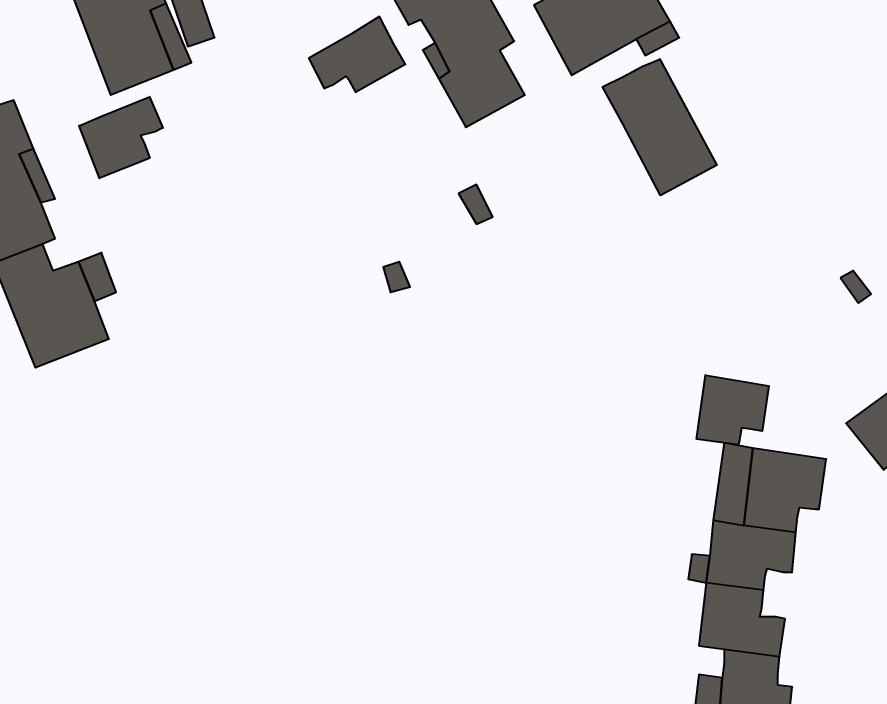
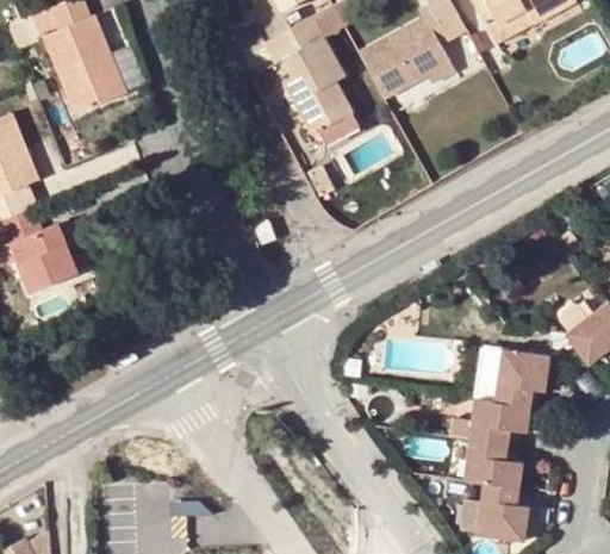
building: [309,16,405,92] -> none
building: [603,59,717,195] -> none
building: [79,97,163,178] -> none
building: [697,375,769,445] -> none

